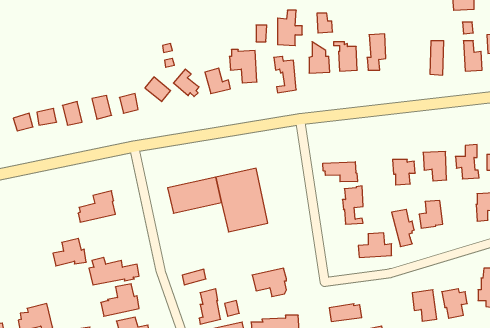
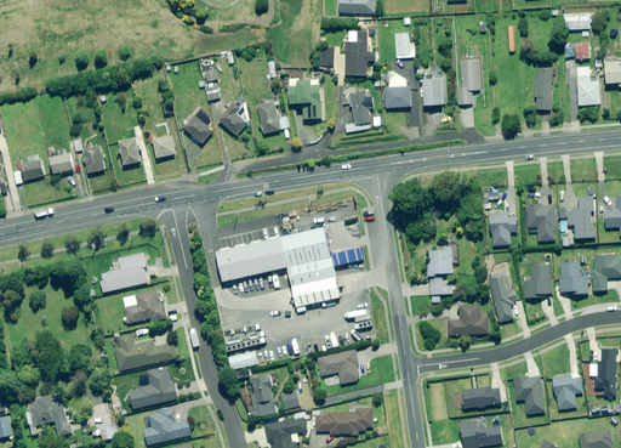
building: [323,162,357,182] -> none
building: none -> [557,262,587,294]
building: [53,238,86,266] -> [124,289,165,323]
building: [329,304,362,321] -> [461,386,501,408]

